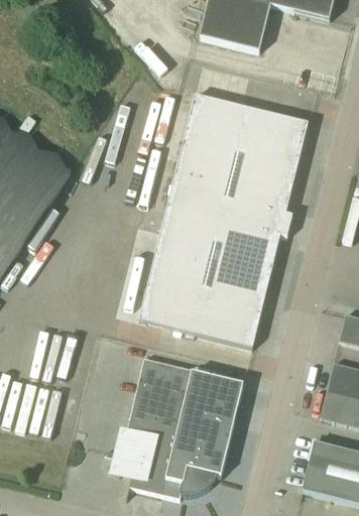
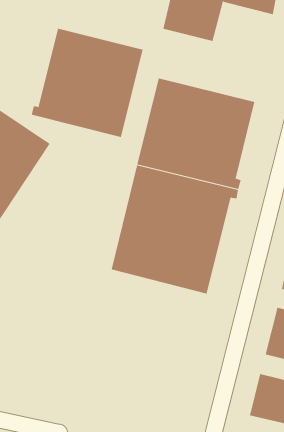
building: none -> [31,28,143,138]
building: [106,358,245,499] -> none

